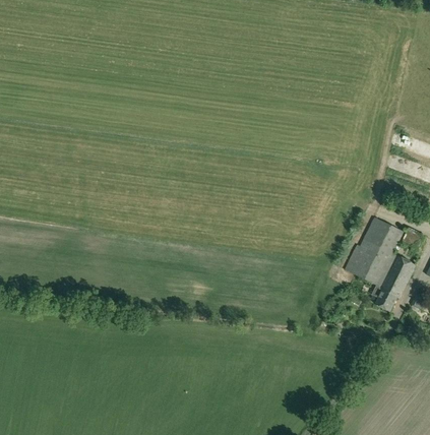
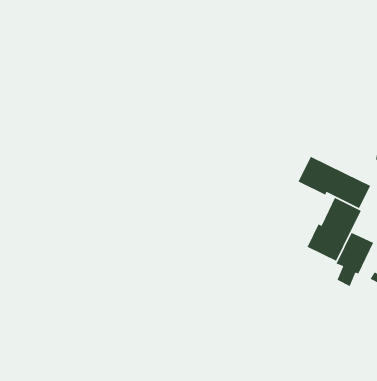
building: none -> [298,156,371,209]

